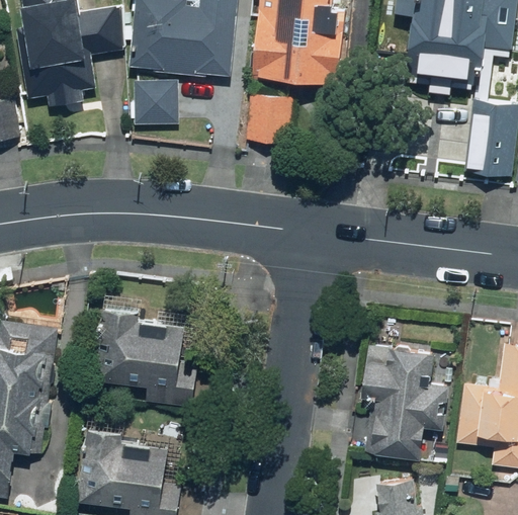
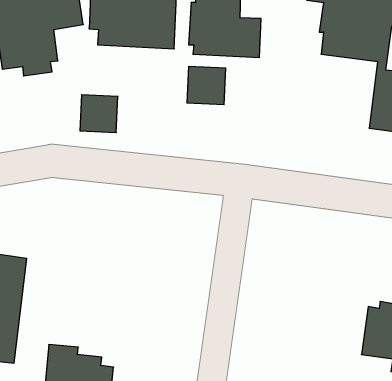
building: [133,79,178,124] -> [80,95,118,133]
building: [93,309,196,402] -> none
building: [356,349,444,457] -> none

